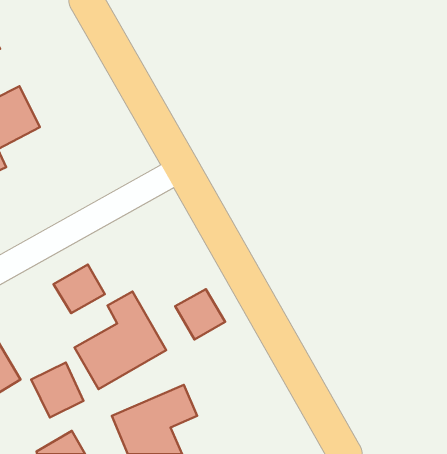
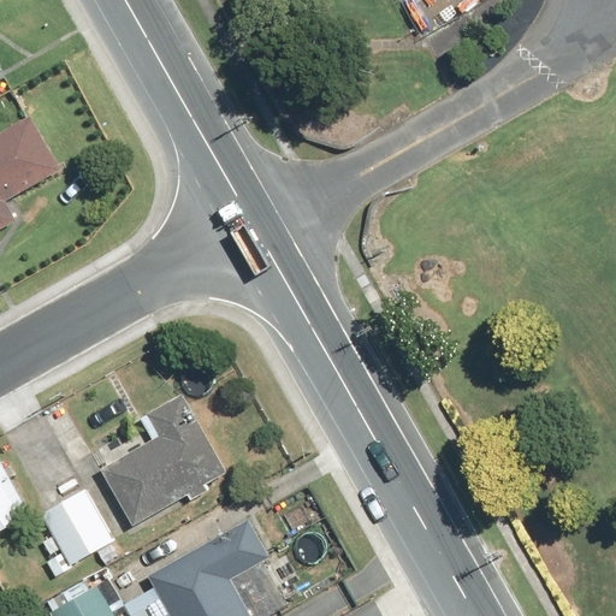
building: [54,265,105,313] -> none
building: [175,289,225,339] -> none

